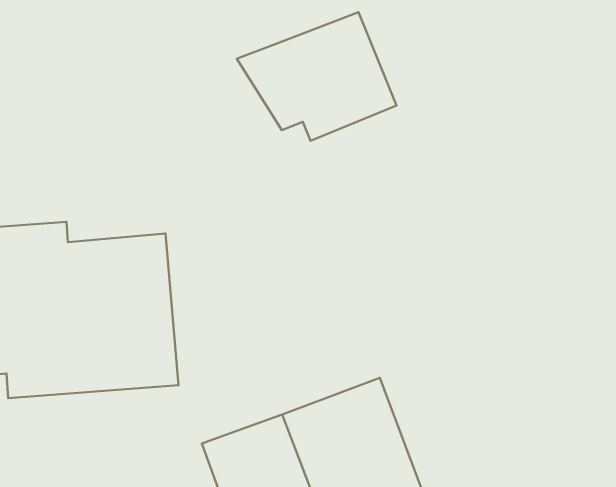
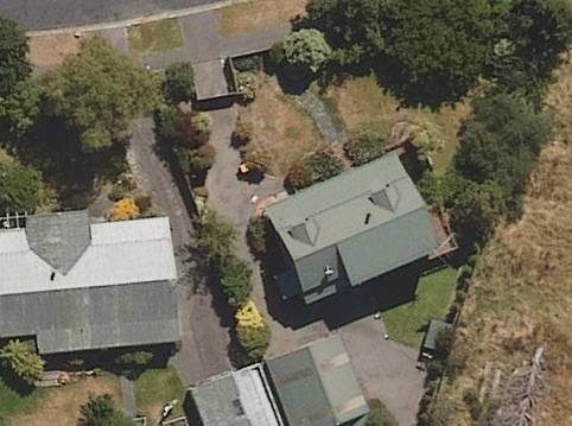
building: [237,12,397,141] -> none
building: none -> [265,154,432,303]

